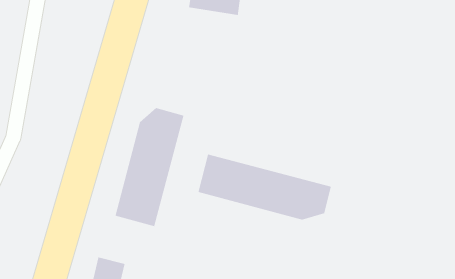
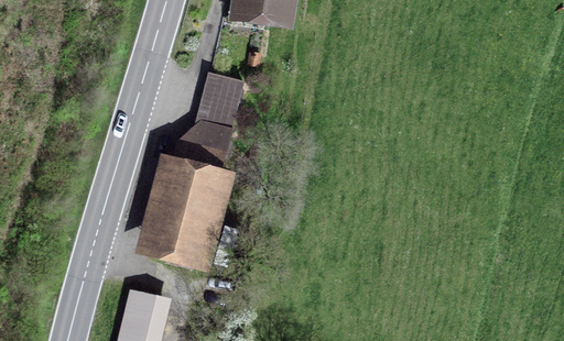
building: none -> [196,73,242,133]
building: [198,154,332,220] -> none

